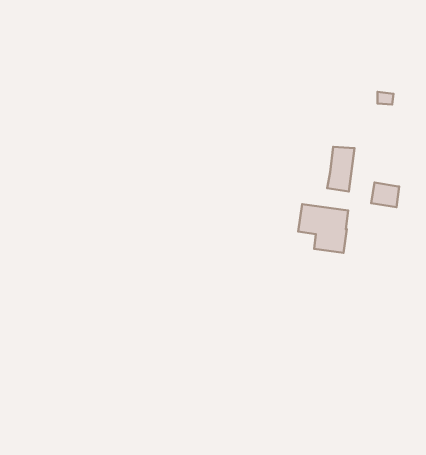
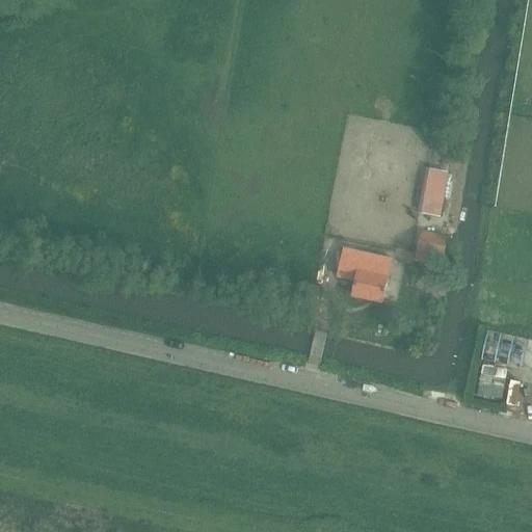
building: [327,147,355,191] -> [417,168,449,217]

